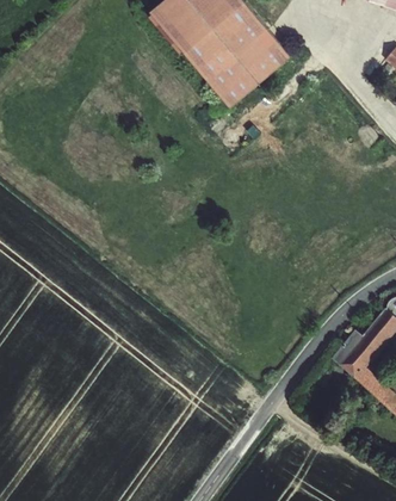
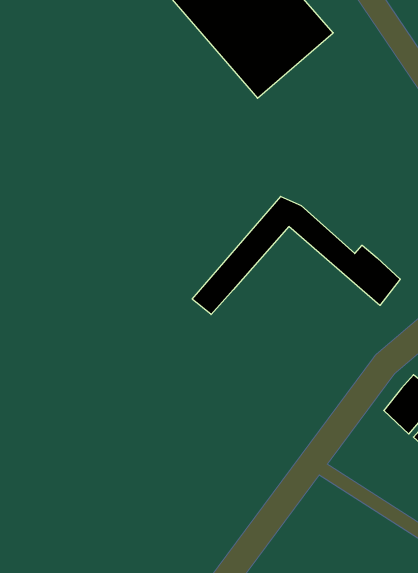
building: none -> [192,196,400,315]

